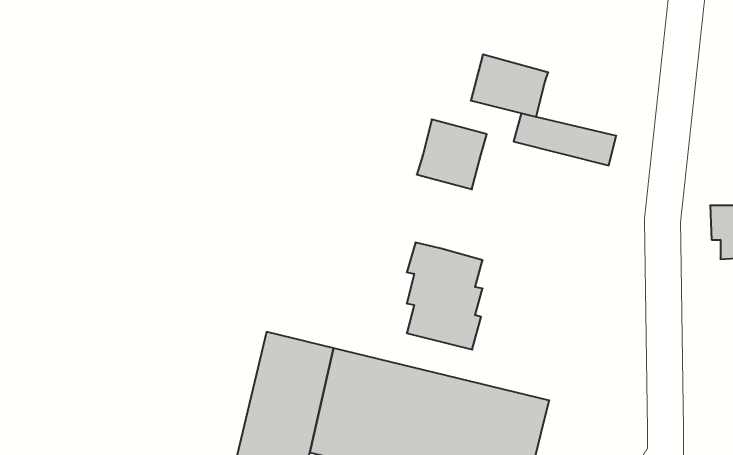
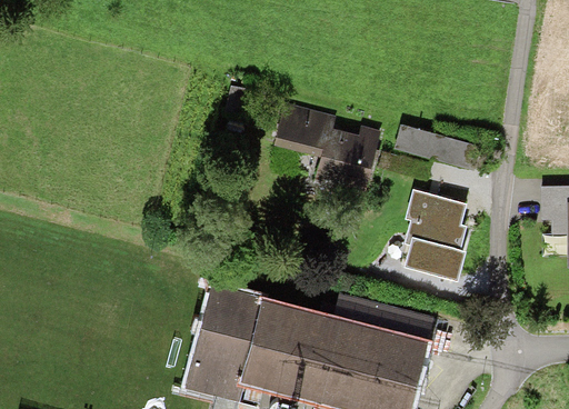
building: [471,55,548,117] -> [279,110,337,157]
building: [407,242,483,350] -> [410,193,467,273]

